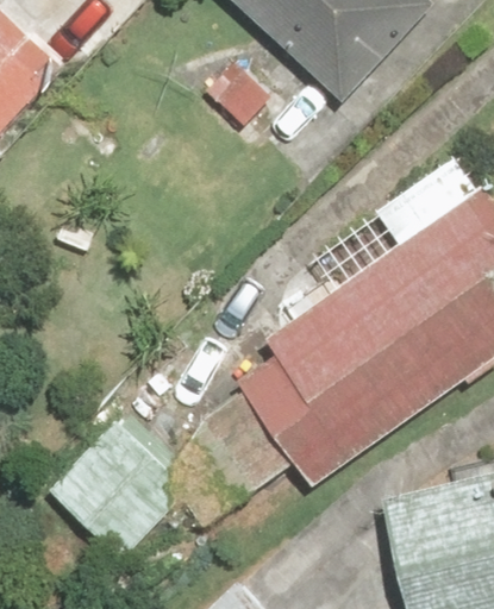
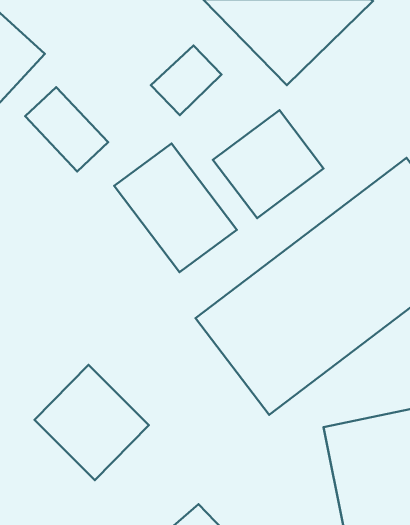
building: none -> [213,110,324,218]
building: none -> [114,144,237,272]

